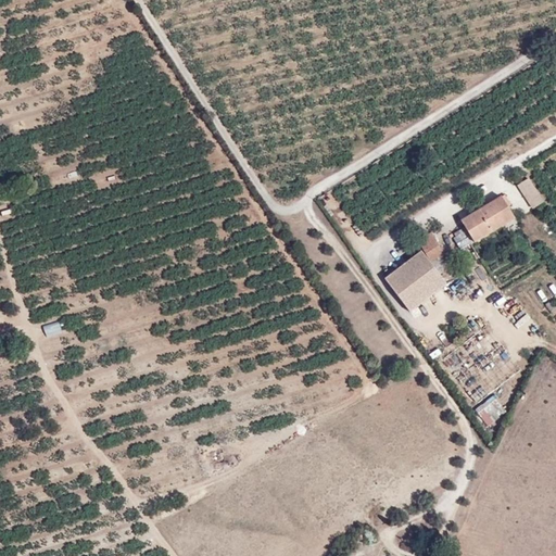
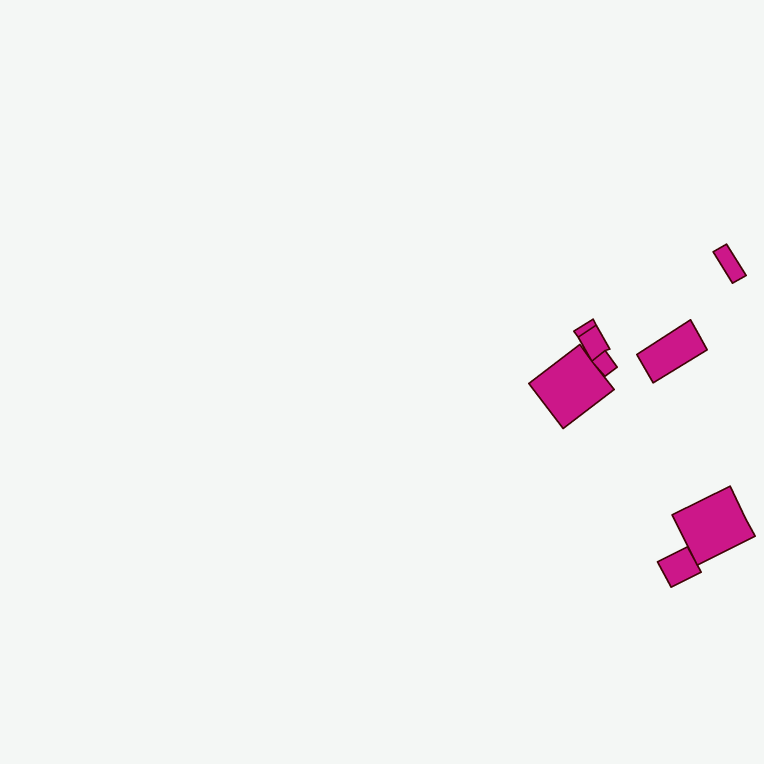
building: [462,195,513,241] -> [637,320,707,383]
building: none -> [672,486,755,565]

